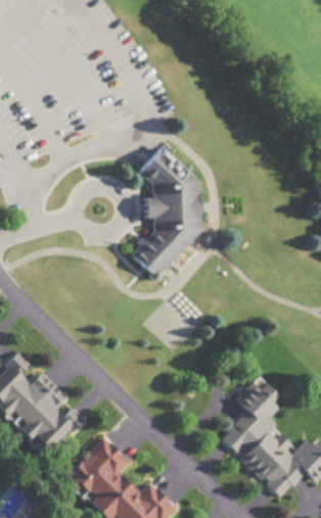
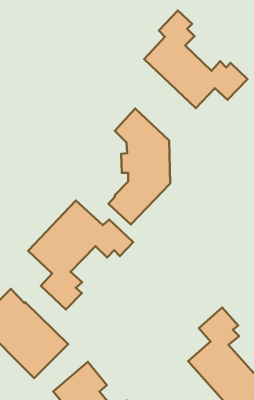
building: none -> [144,10,247,108]
building: none -> [28,201,133,309]

